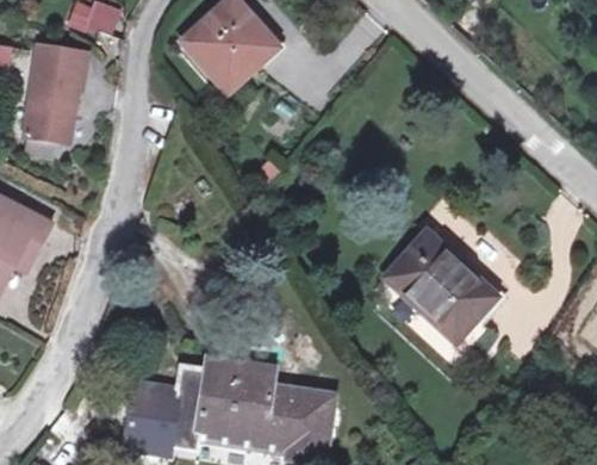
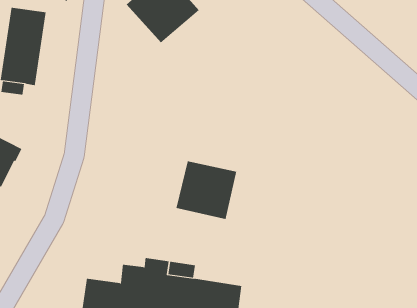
building: [386,230,497,340] -> none
building: none -> [176,161,237,220]

